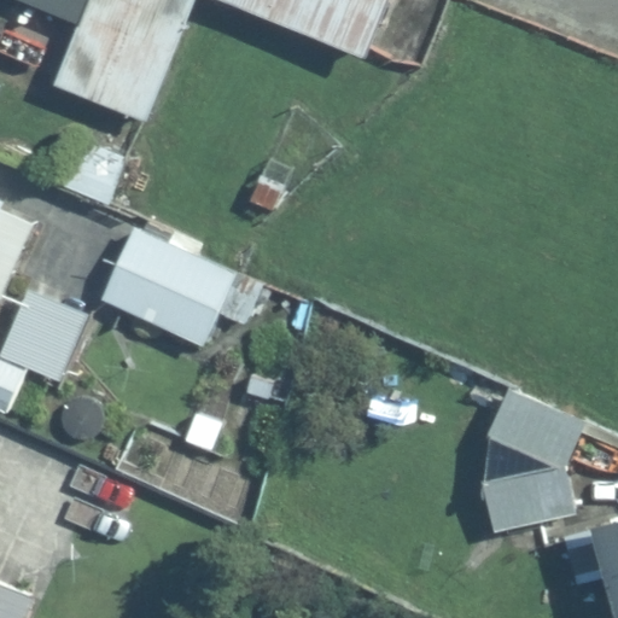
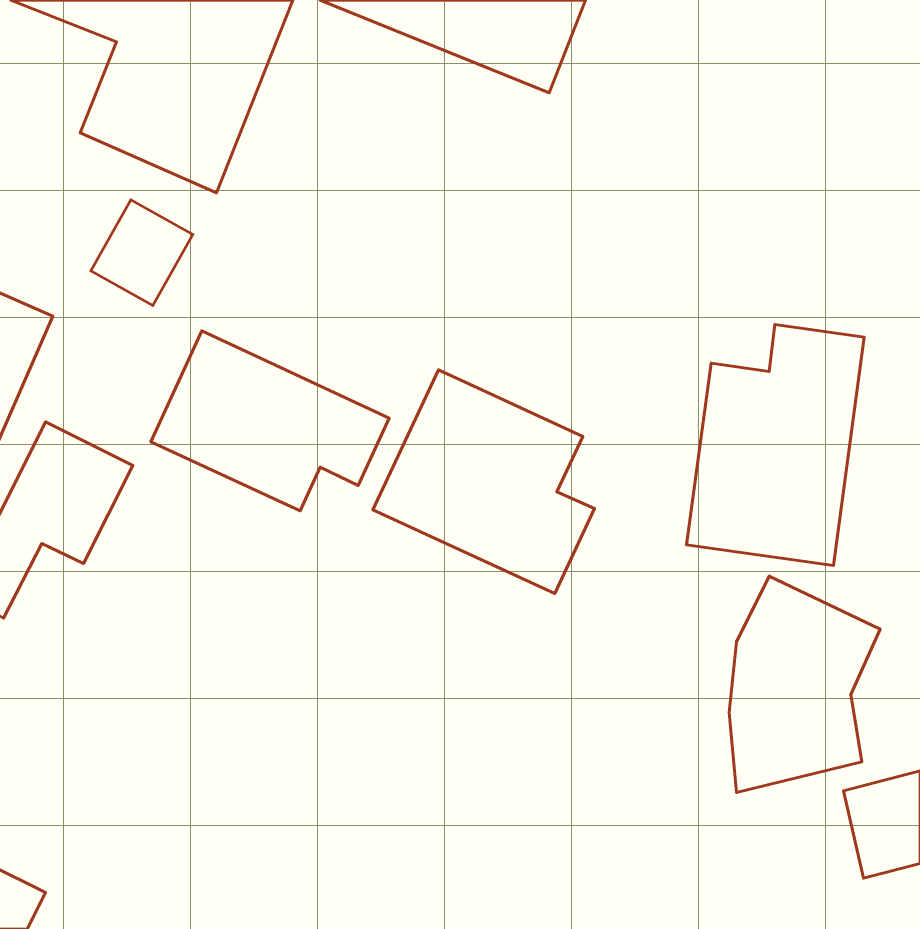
building: none -> [686,325,864,565]
building: none -> [373,370,594,594]

